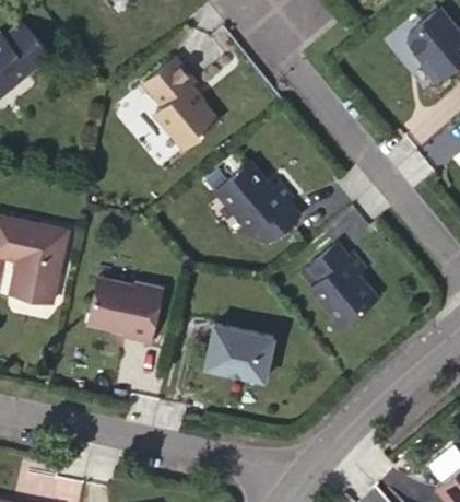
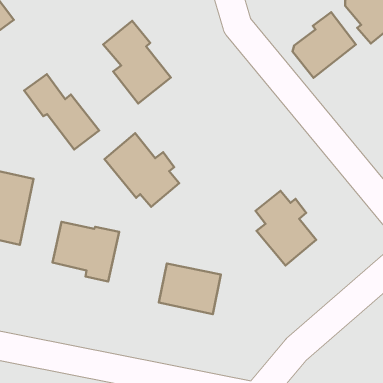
building: none -> [292,12,356,78]
building: none -> [24,74,99,150]
building: [216,162,298,243] -> [104,133,179,207]

